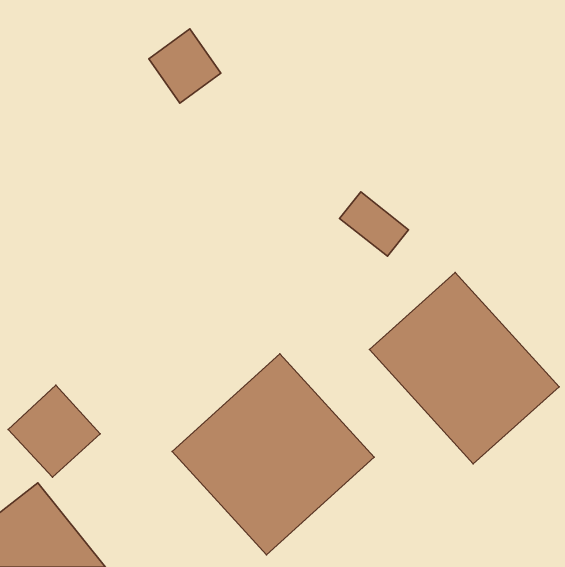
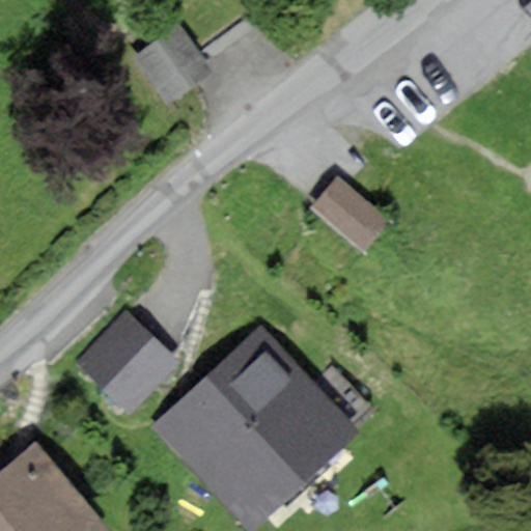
building: [369,273,559,464] -> none
building: [8,385,100,477] -> [84,315,170,401]

